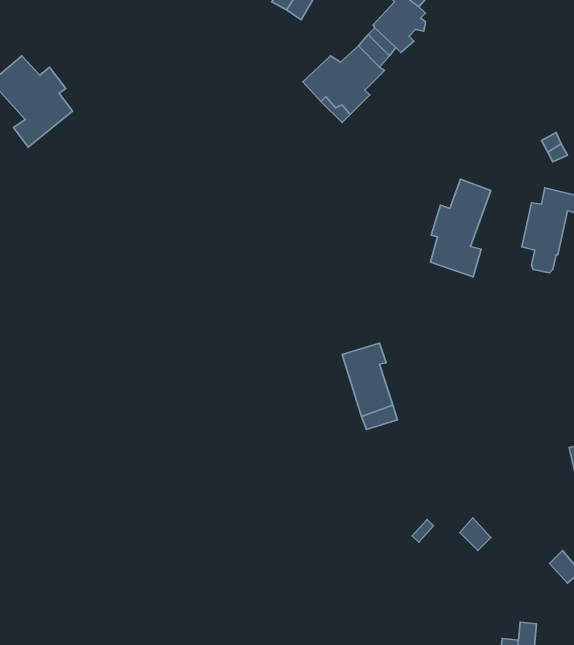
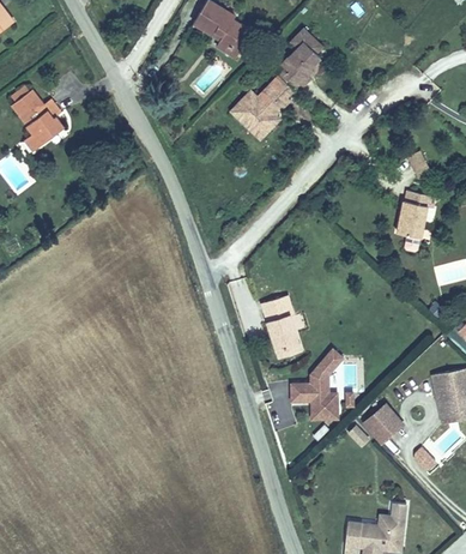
building: [431,179,491,277] -> none
building: none -> [291,347,345,422]
building: none -> [363,404,406,447]

